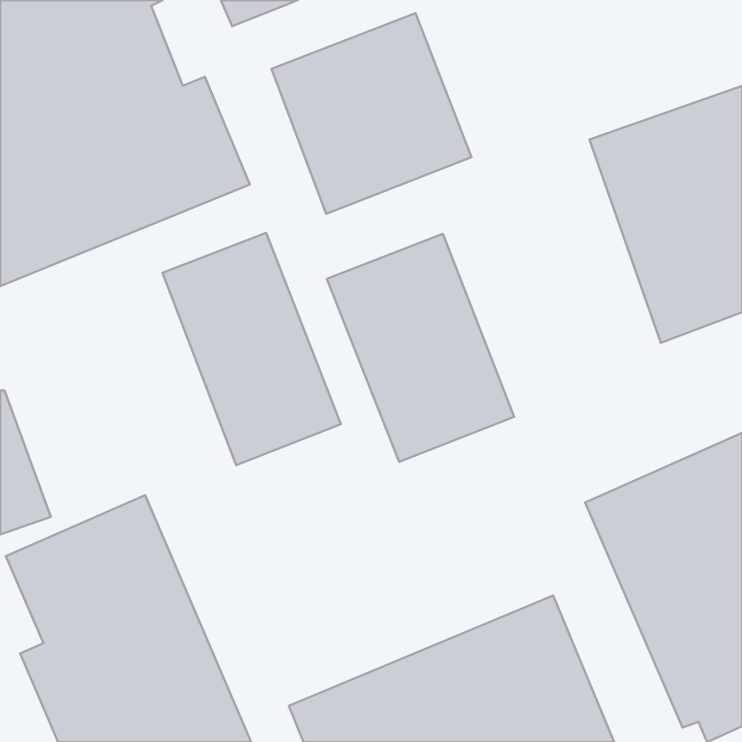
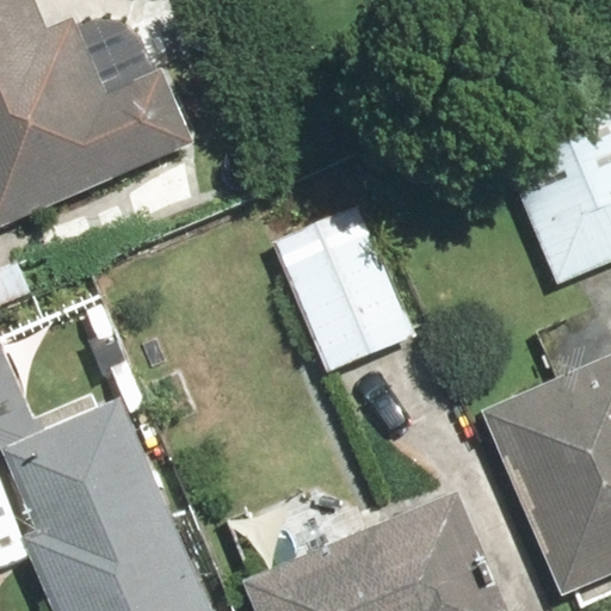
building: [272,13,472,214] -> none
building: [163,233,341,465] -> none

